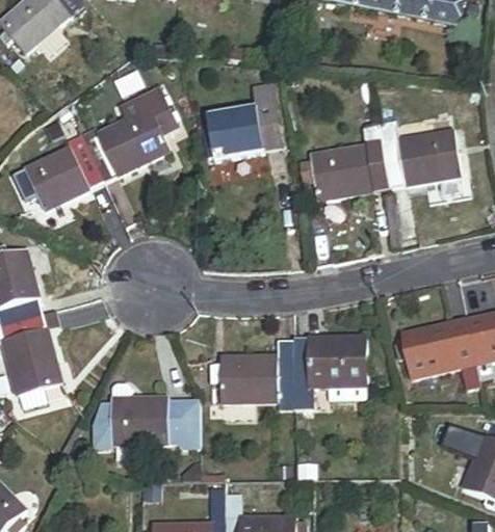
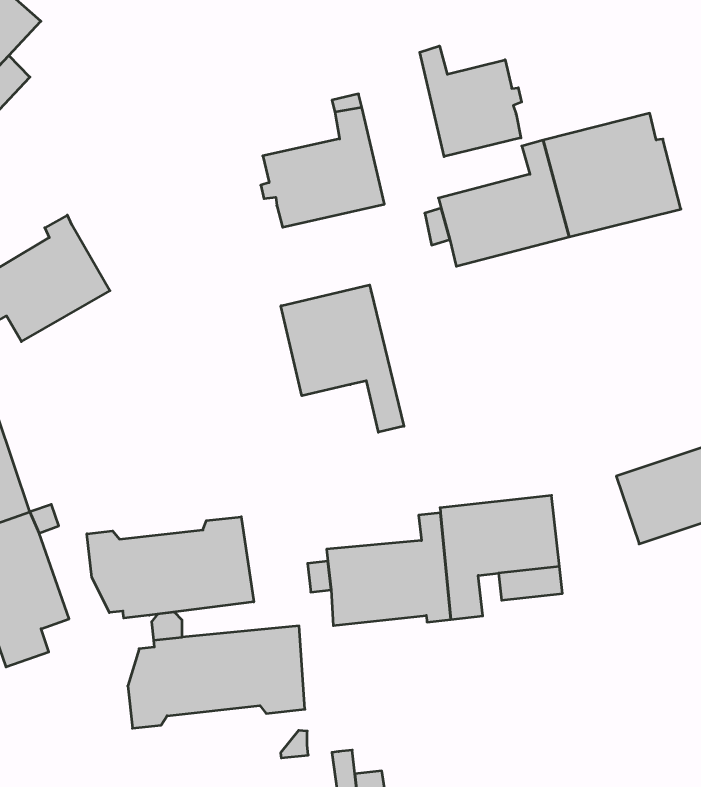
building: none -> [420,46,522,157]
building: [87,94,178,184] -> none
building: none -> [281,285,404,432]
building: none -> [87,517,254,618]

